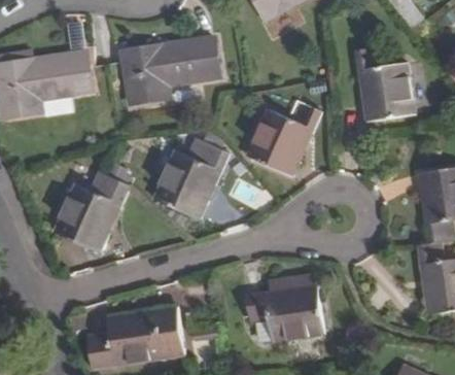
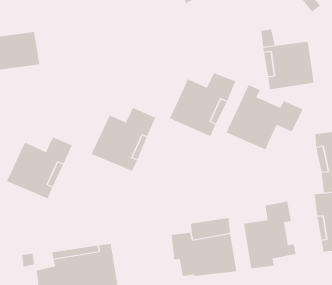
building: [121,37,218,103] -> none
building: none -> [226,84,303,150]
building: none -> [244,201,296,269]

